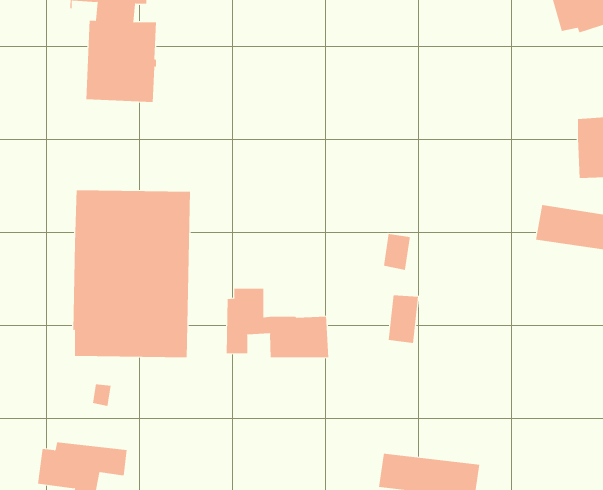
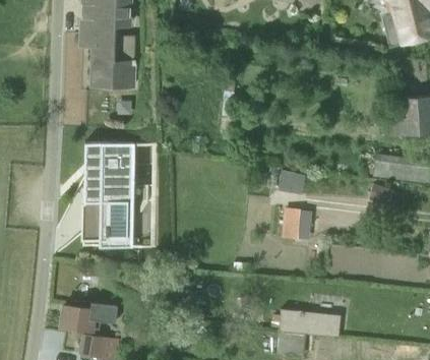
building: [226,288,329,358] -> none

